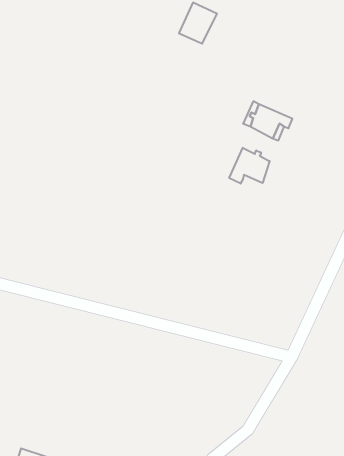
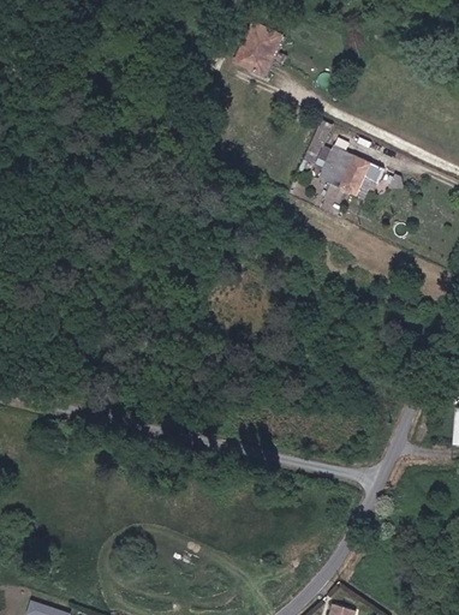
building: [229,148,270,184] -> none

